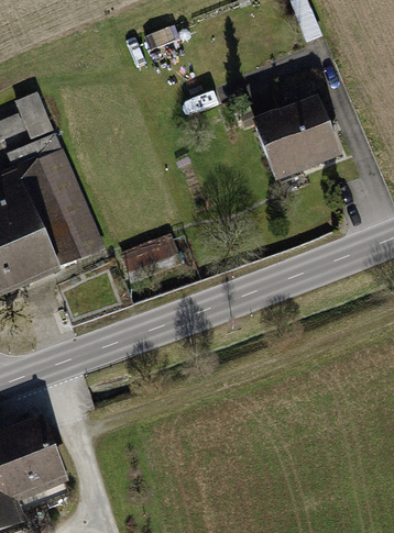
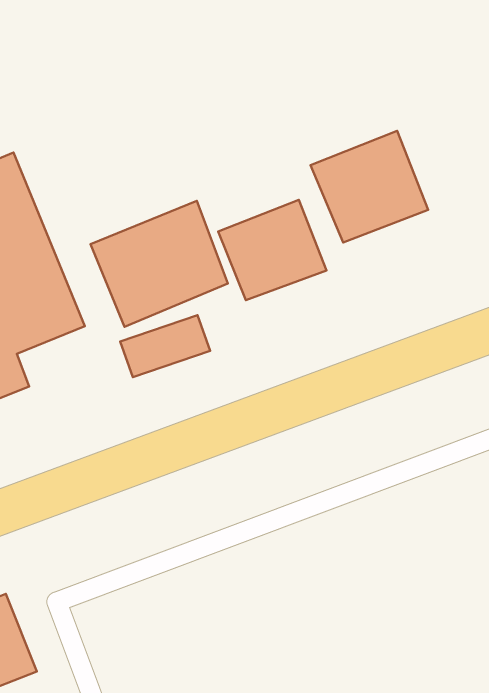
building: none -> [218,200,326,300]
building: none -> [91,201,228,327]

